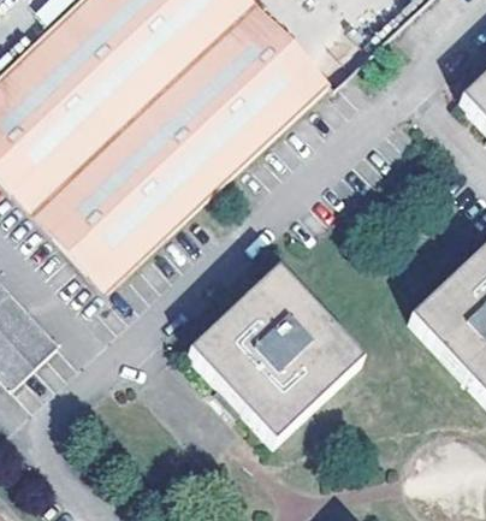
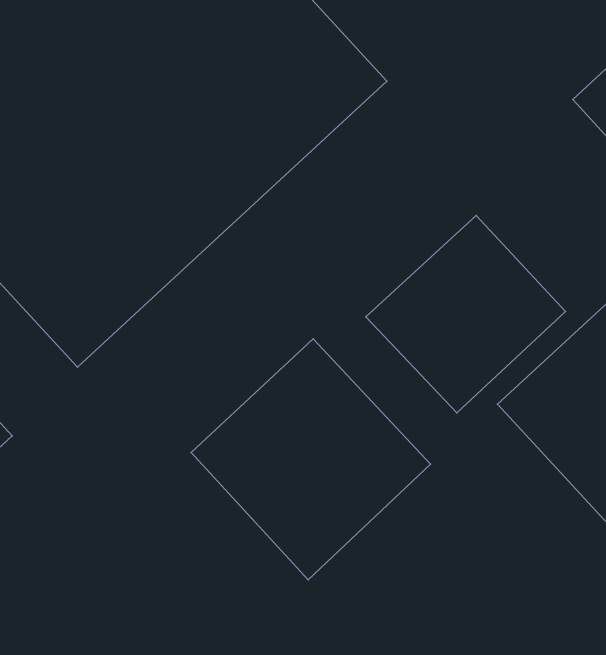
building: none -> [366,215,566,413]

